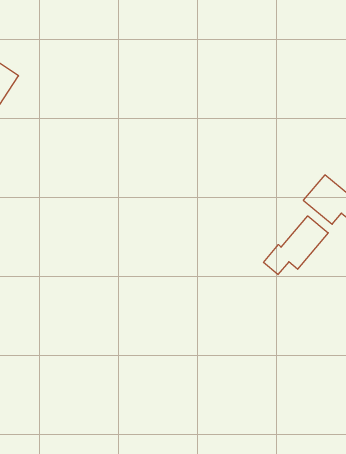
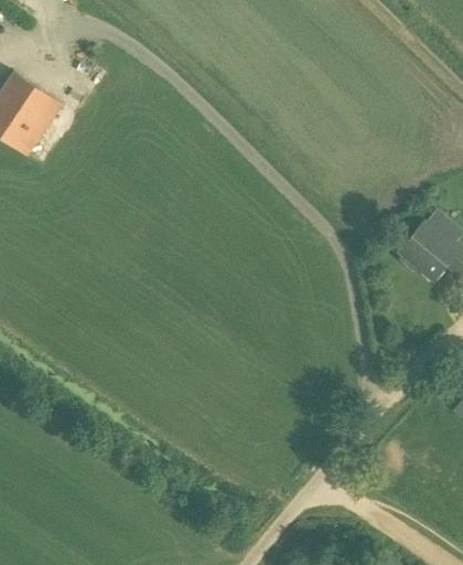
building: [264,216,328,275] -> none

